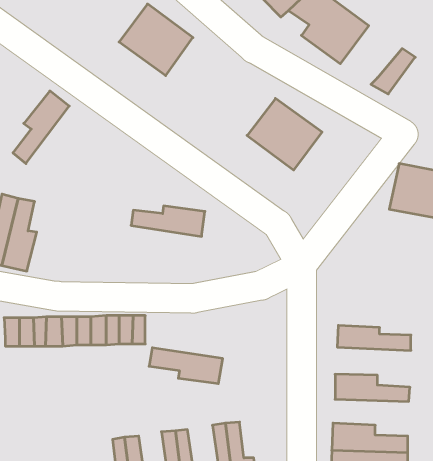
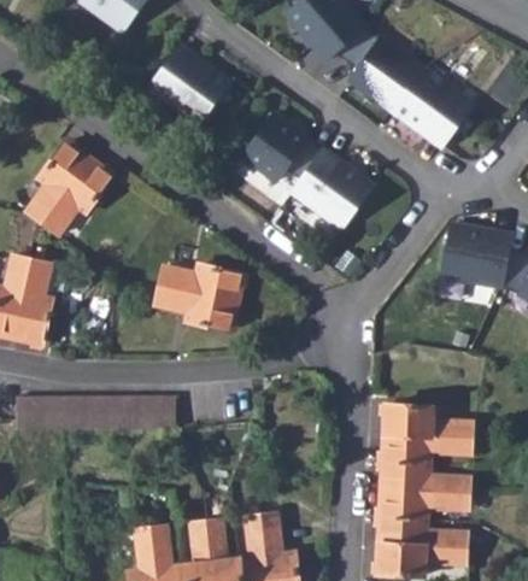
building: none -> [389,71,458,136]
building: none -> [239,117,317,193]
building: none -> [40,160,111,236]
building: none -> [383,428,468,459]
building: [149,348,223,384] -> [153,293,235,333]
building: none -> [381,486,465,515]

